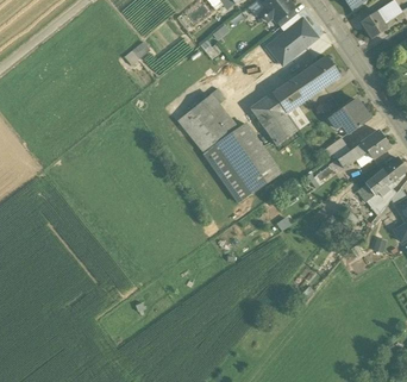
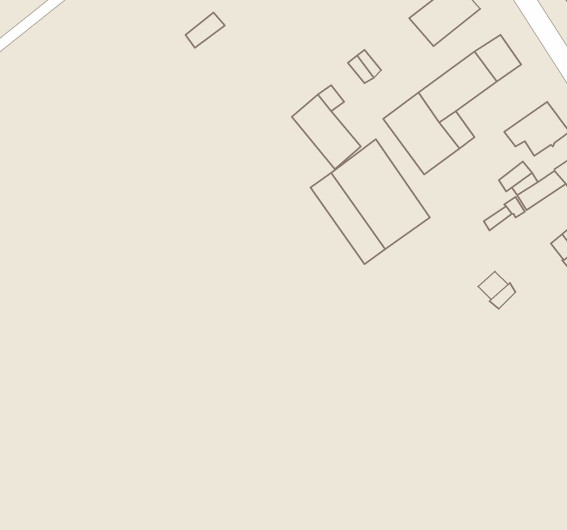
building: [177,108,220,154] -> none

